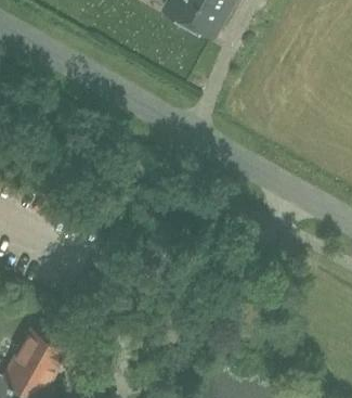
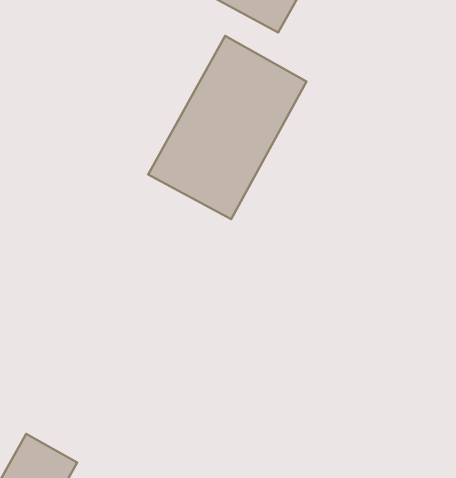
building: none -> [148,36,306,219]

